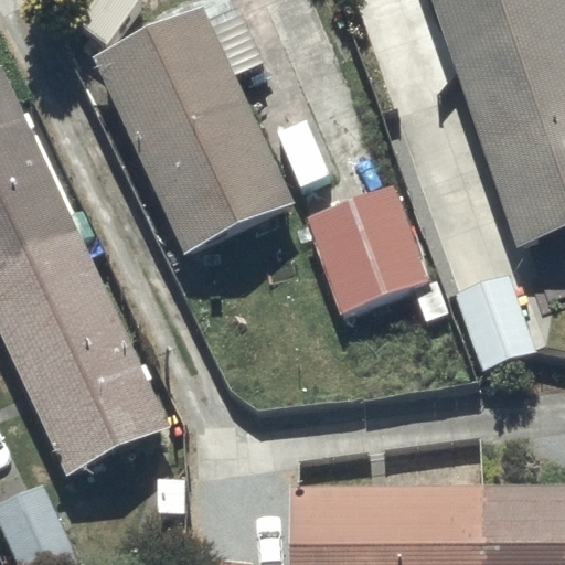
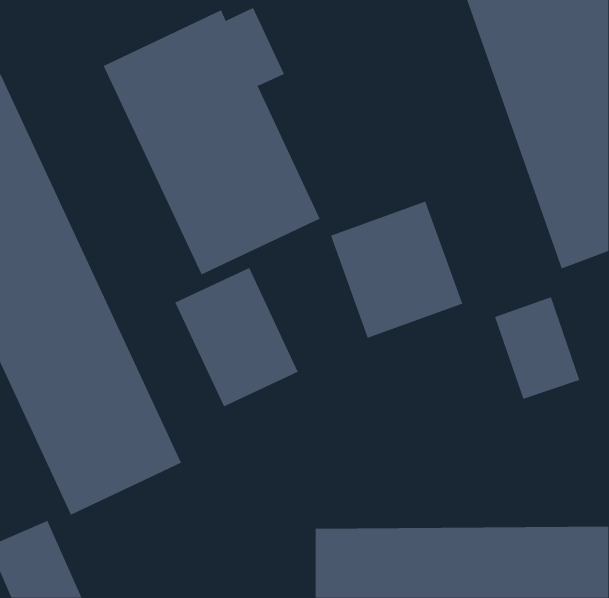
building: none -> [174,267,299,407]

